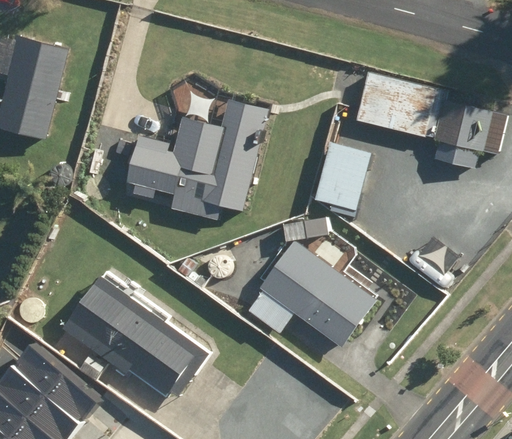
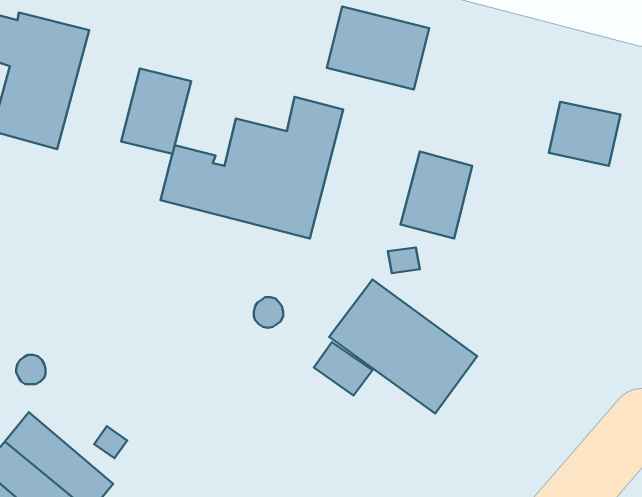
building: [356,72,436,137] -> [327,6,429,90]
building: none -> [121,69,191,154]
building: [60,282,202,400] -> none

